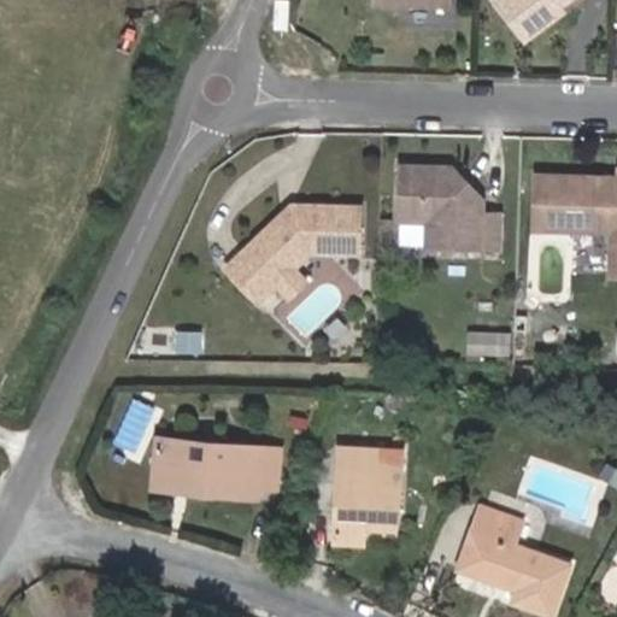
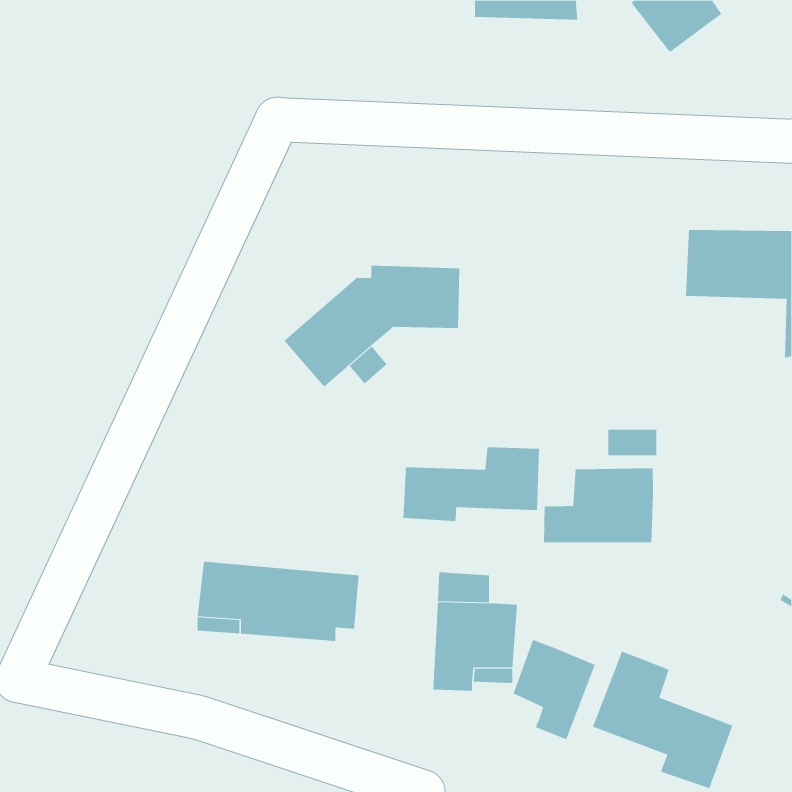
building: [396,165,496,248] -> none
building: none -> [403,446,539,522]
building: none -> [543,468,653,543]
building: none -> [513,639,596,740]

